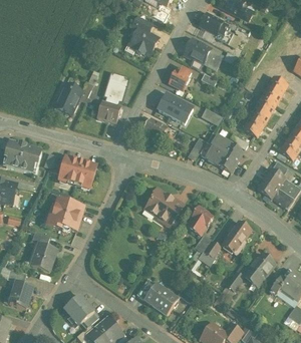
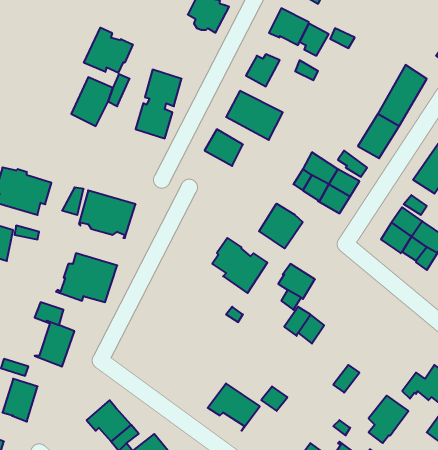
building: none -> [84,28,133,73]
building: none -> [259,204,303,248]
building: [222,221,251,254] -> none
building: [249,254,275,285] -> [369,396,408,443]

